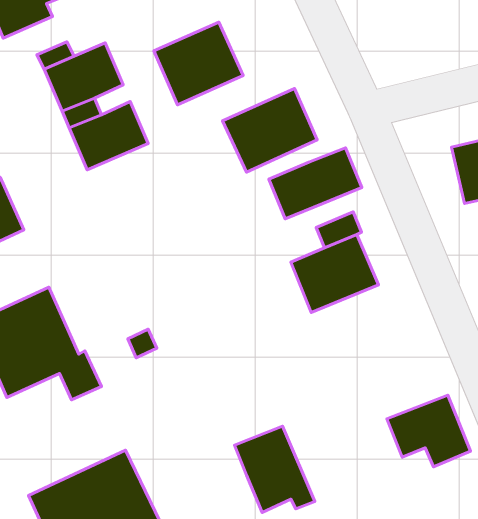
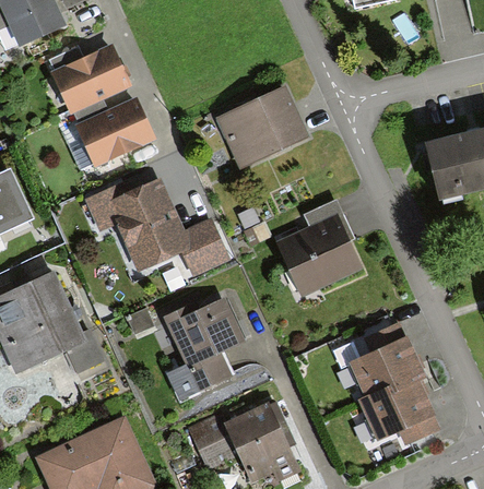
building: [154,22,243,105] -> none
building: [269,148,362,219] -> none
building: none -> [85,172,227,276]
building: none -> [165,298,248,402]
building: none -> [356,314,426,389]
building: none -> [190,415,237,456]

